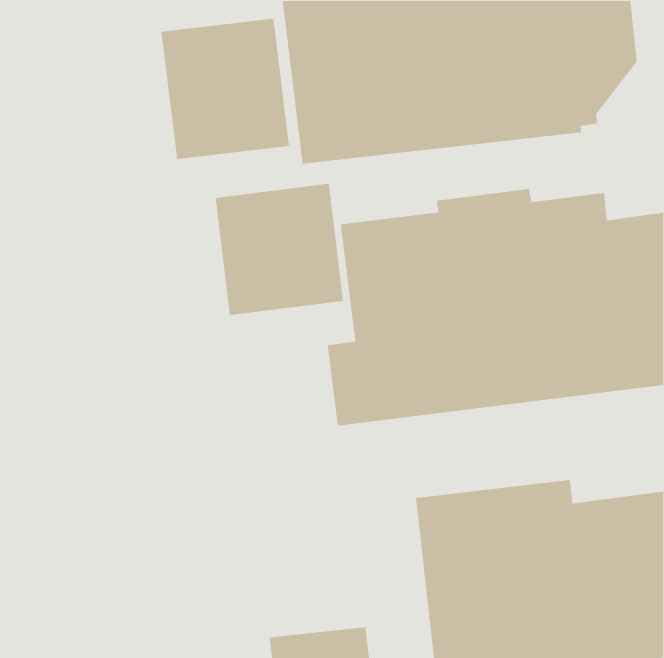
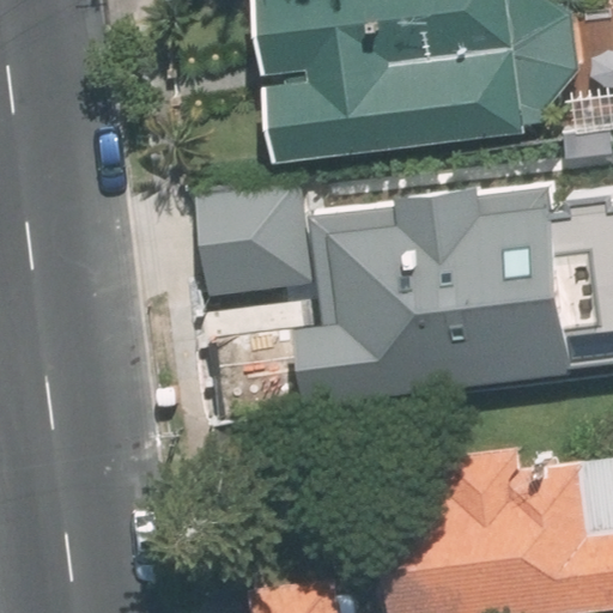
building: [161,18,290,160] -> none

